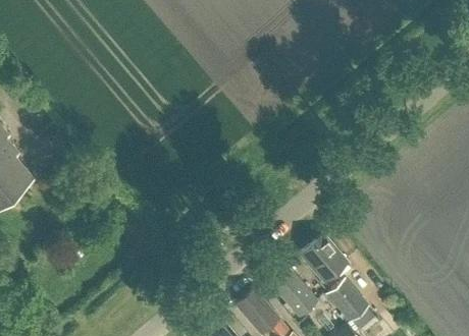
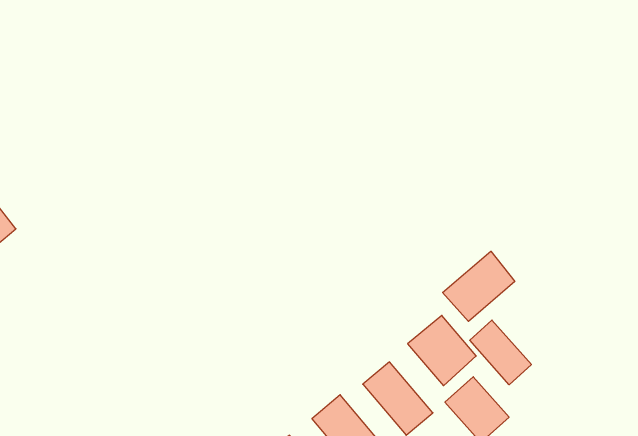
building: none -> [443,251,515,321]
building: none -> [470,320,531,385]

